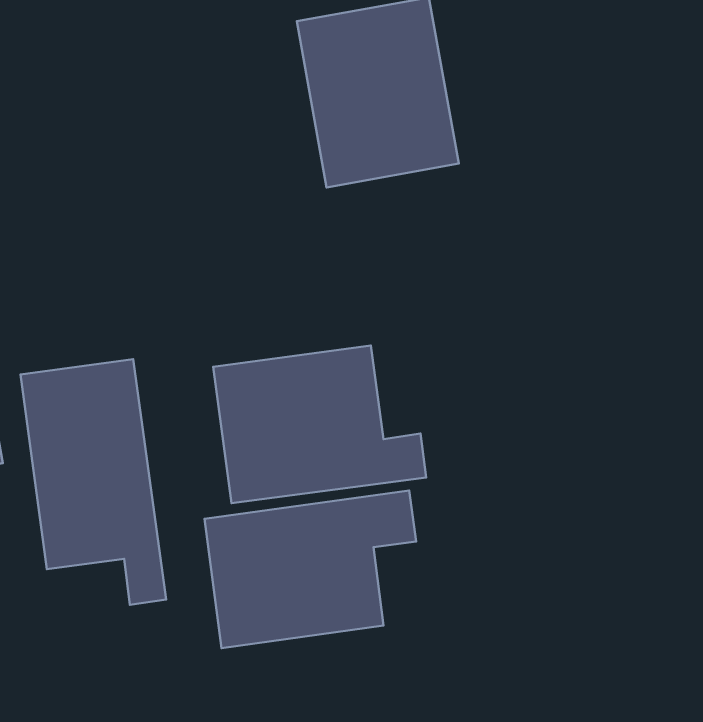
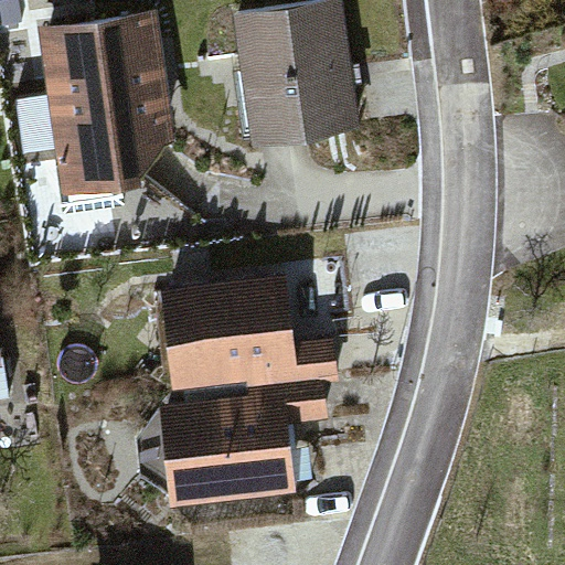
building: none -> [35,9,174,198]
building: [21,359,166,605] -> none

